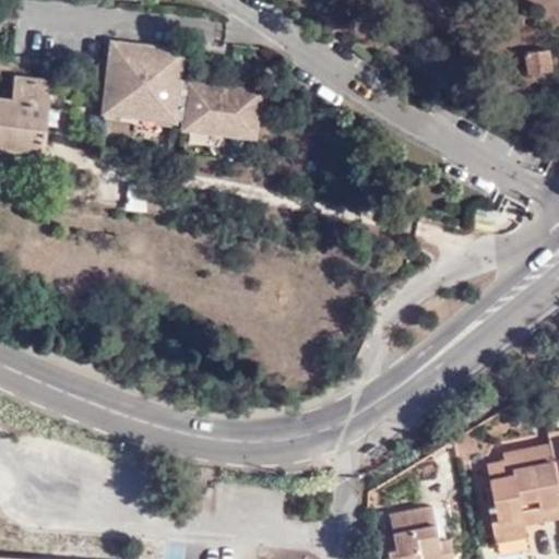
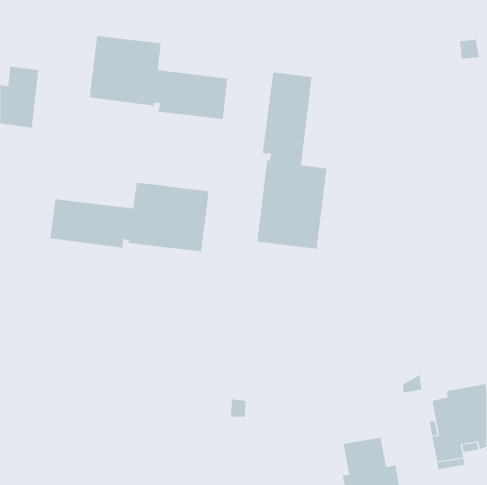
building: none -> [257,71,327,250]
building: none -> [50,182,209,252]

